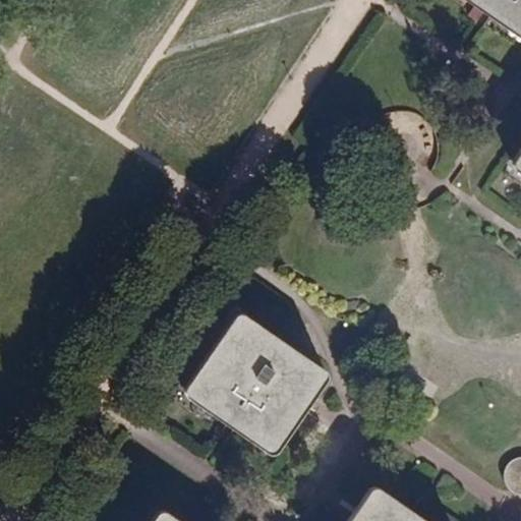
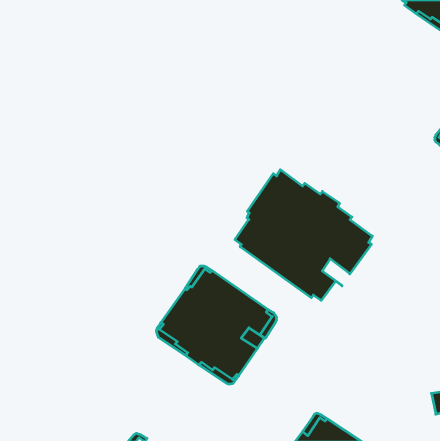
building: none -> [235,170,372,300]

